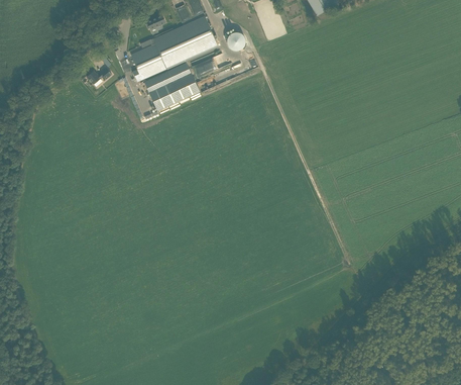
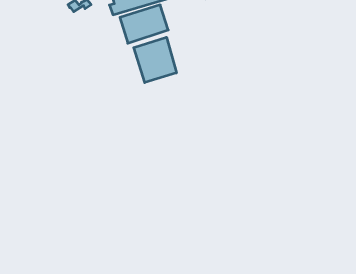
building: none -> [134,37,176,83]

